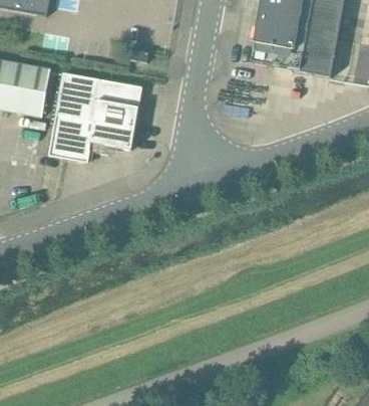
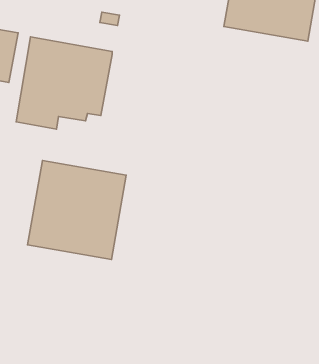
building: none -> [28,160,126,259]

